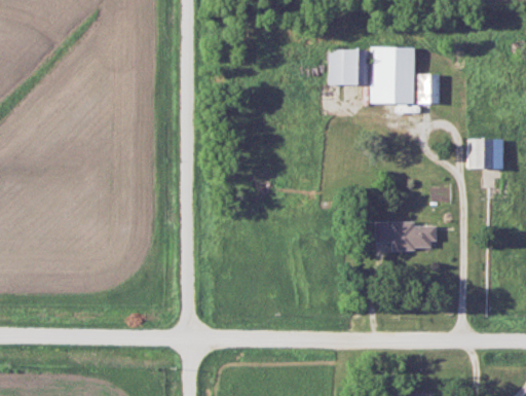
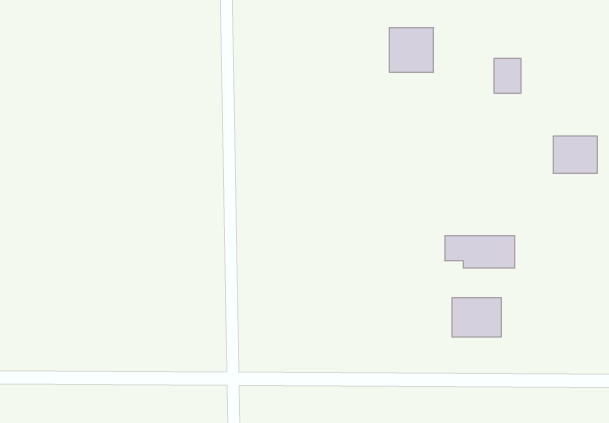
building: [370,47,413,103] -> none
building: none -> [452,298,501,337]

